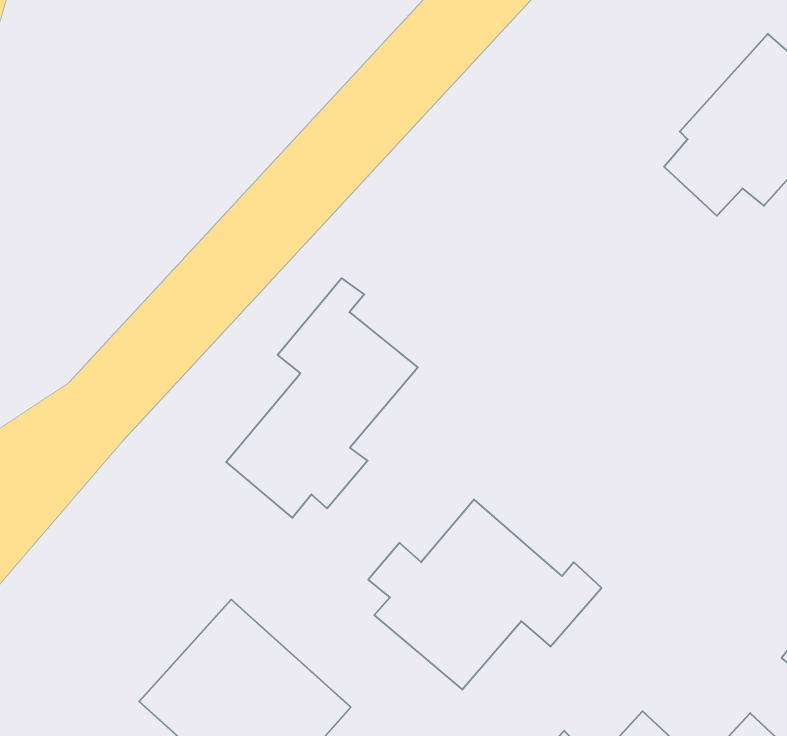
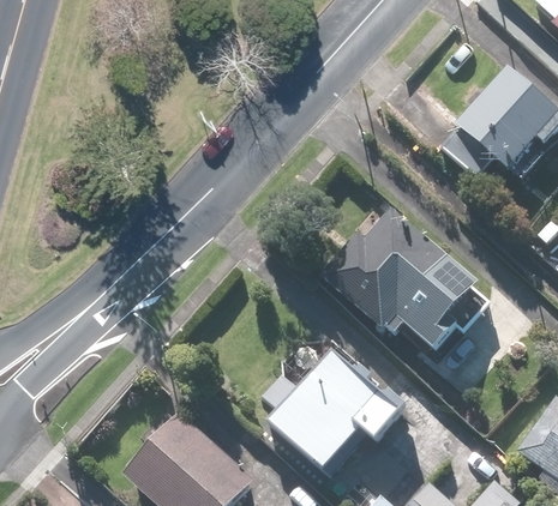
building: none -> [336,204,487,348]
building: [226,278,418,518] -> none

